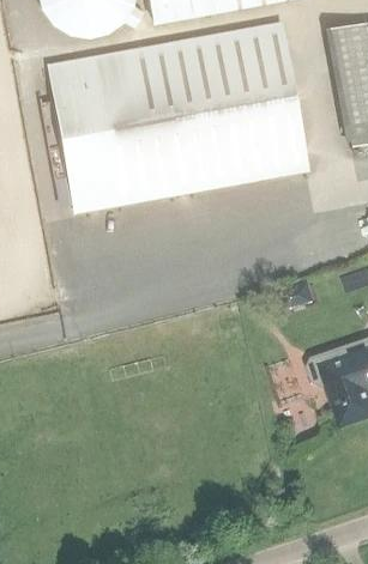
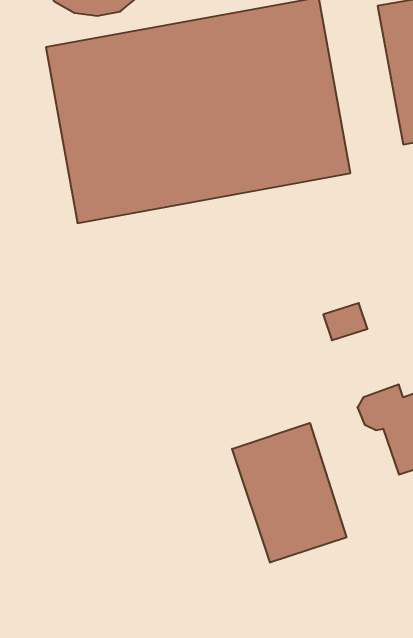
building: none -> [232,423,346,563]

